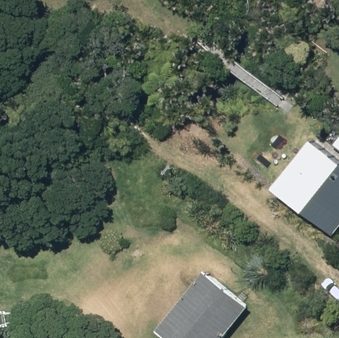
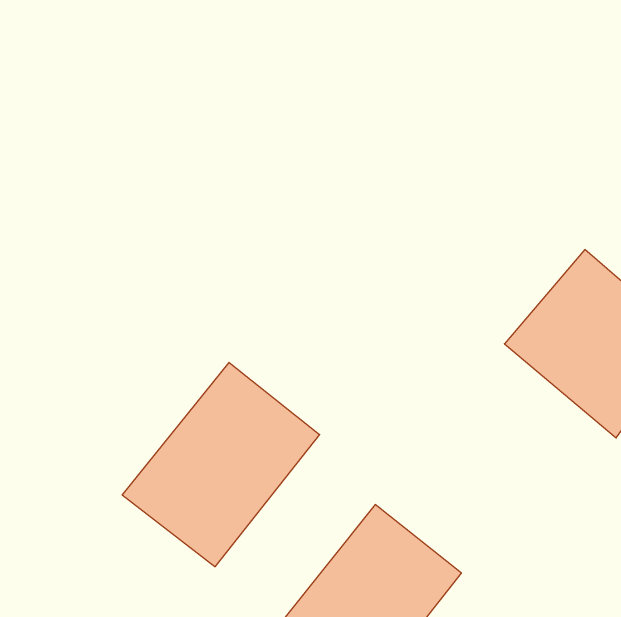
building: none -> [122,362,320,567]

